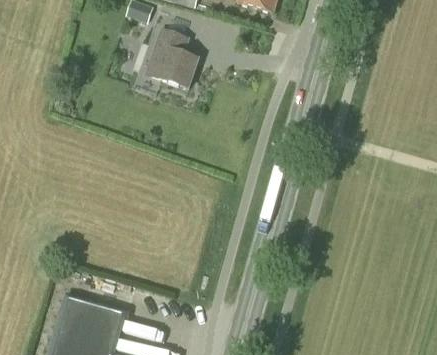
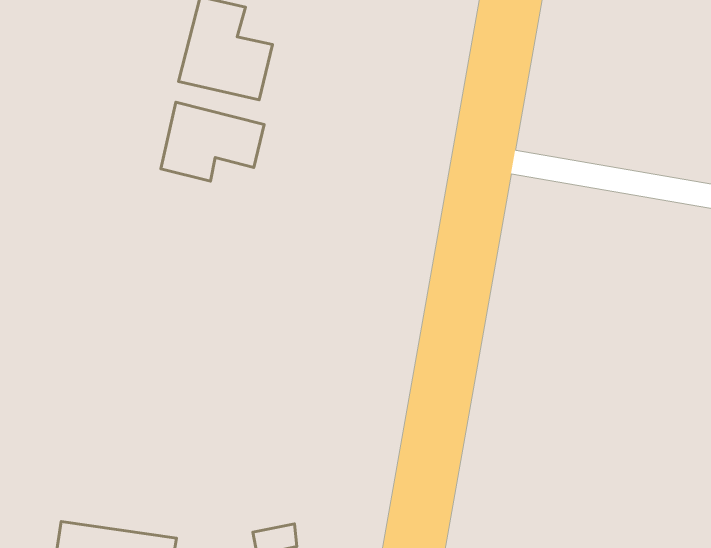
building: none -> [161,102,264,181]

